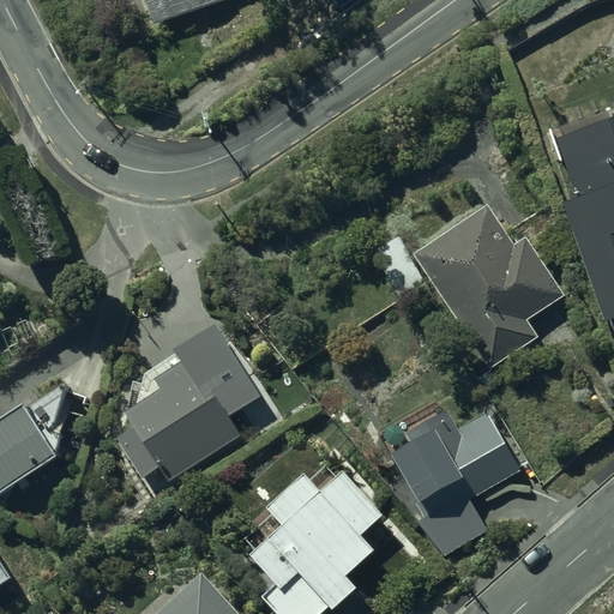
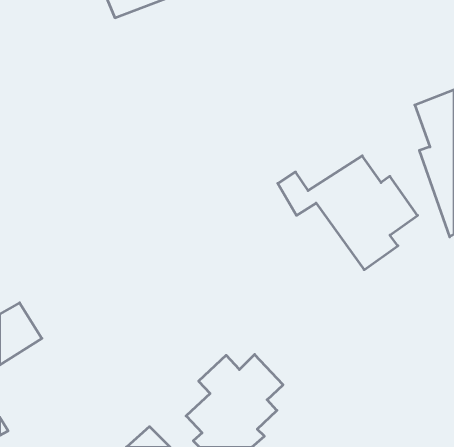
building: [118,327,259,477] -> none
building: [395,410,519,548] -> none

